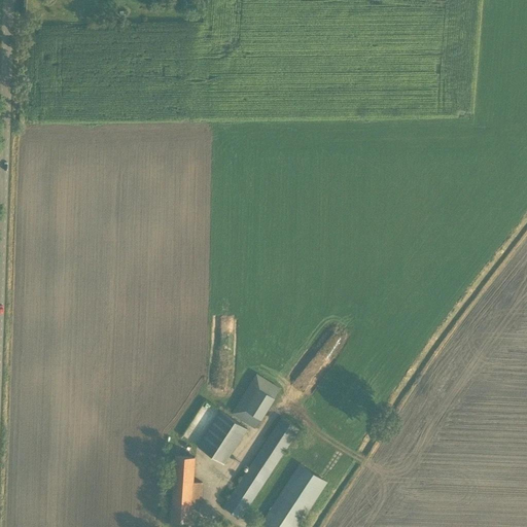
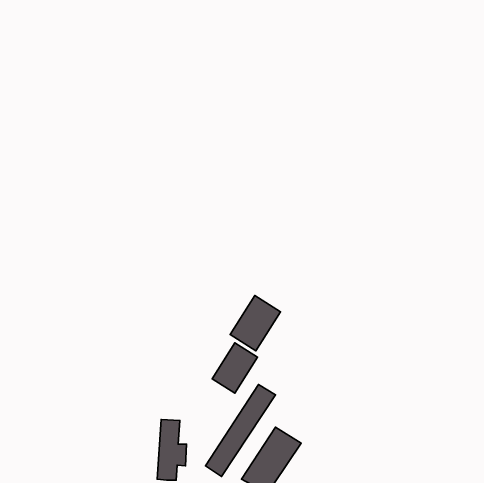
building: none -> [230,295,280,351]
building: [198,412,248,465] -> none

